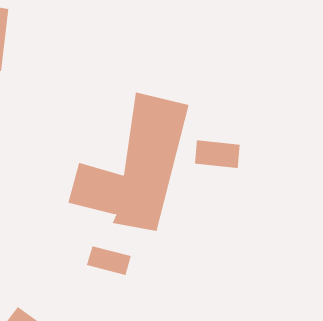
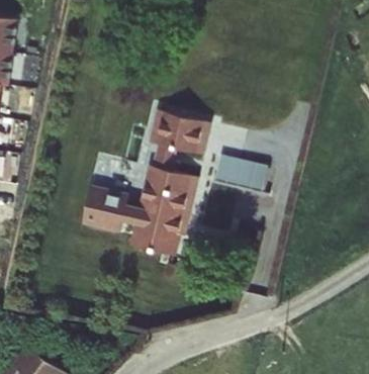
building: [86,245,132,276] -> none

